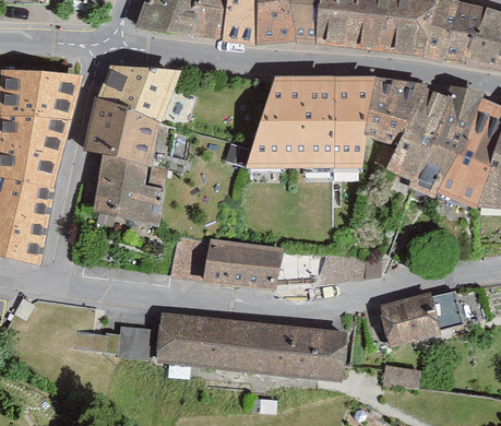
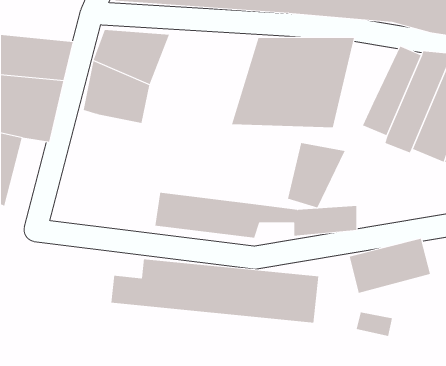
building: [366,73,428,143] -> [287,143,346,208]
building: [95,155,165,222] -> none
building: [7,180,55,261] -> none

